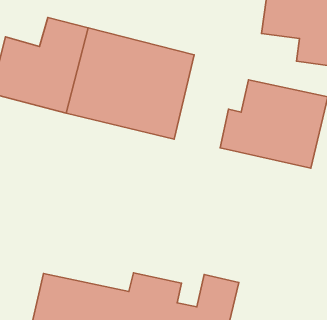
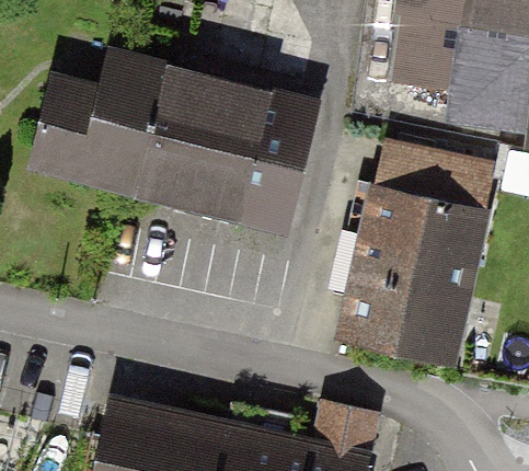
building: none -> [337,236,473,357]

